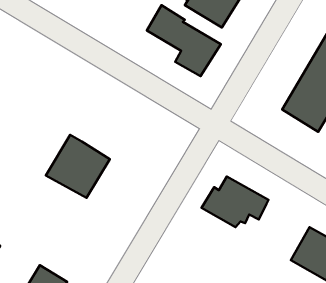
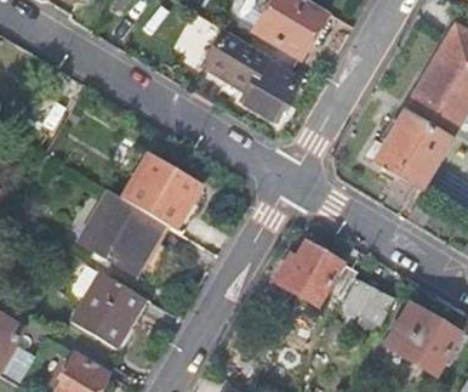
building: none -> [125,153,202,233]
building: none -> [68,271,144,347]
building: none -> [342,277,393,326]

